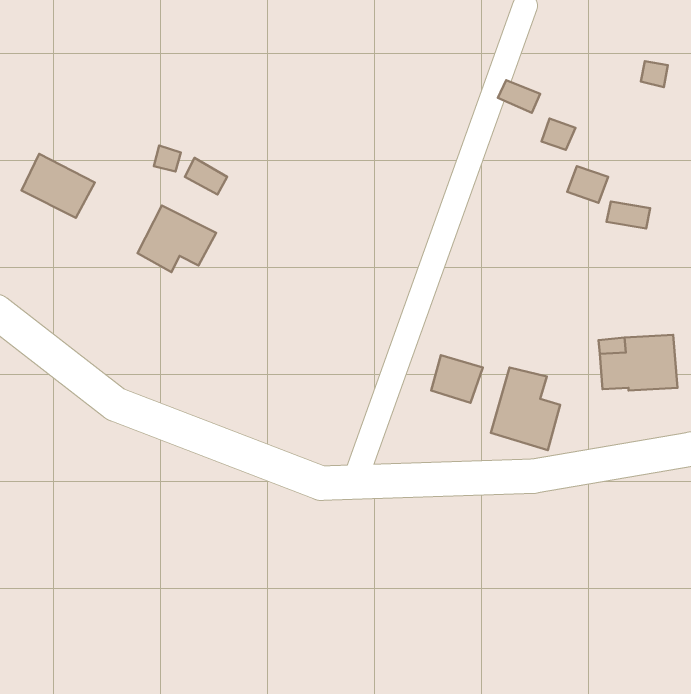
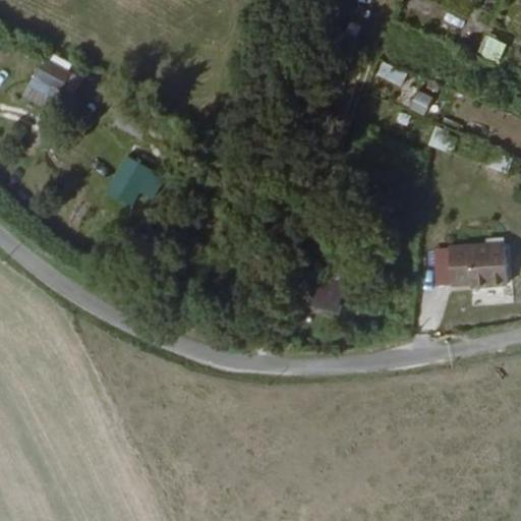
building: [21,154,95,218] -> [25,55,80,103]
building: [491,368,560,450] -> none

